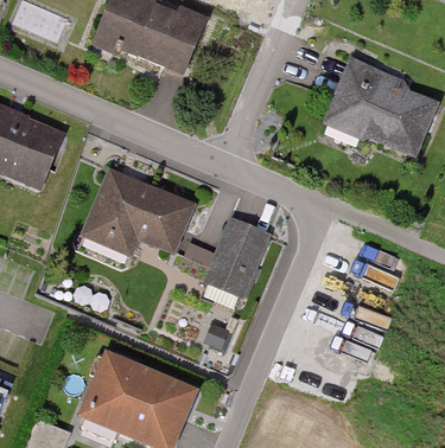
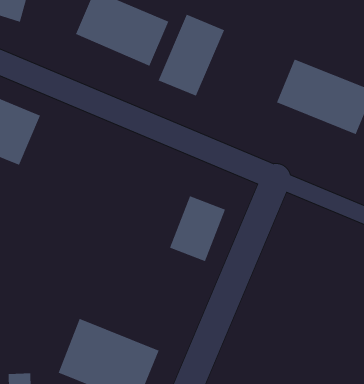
building: none -> [158,14,225,97]
building: [83,171,191,255] -> none

